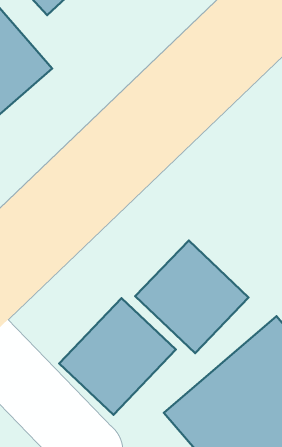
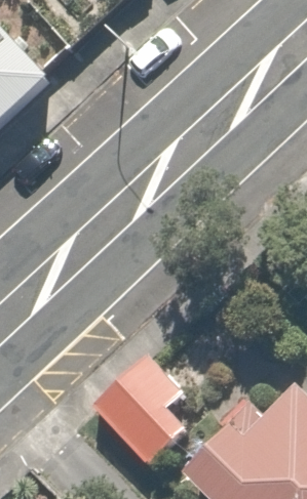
building: [135,240,249,353] -> none

